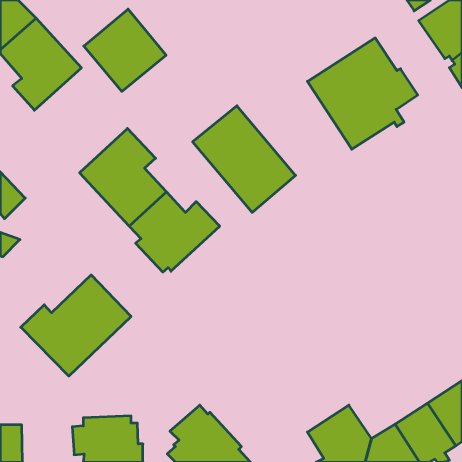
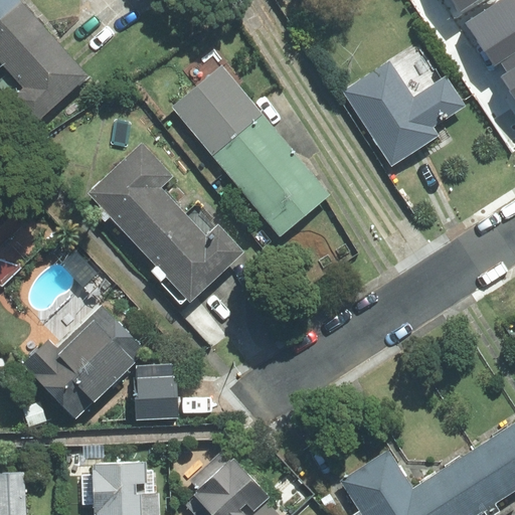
building: [84,9,166,91] -> [172,66,264,158]
building: none -> [134,365,179,420]

